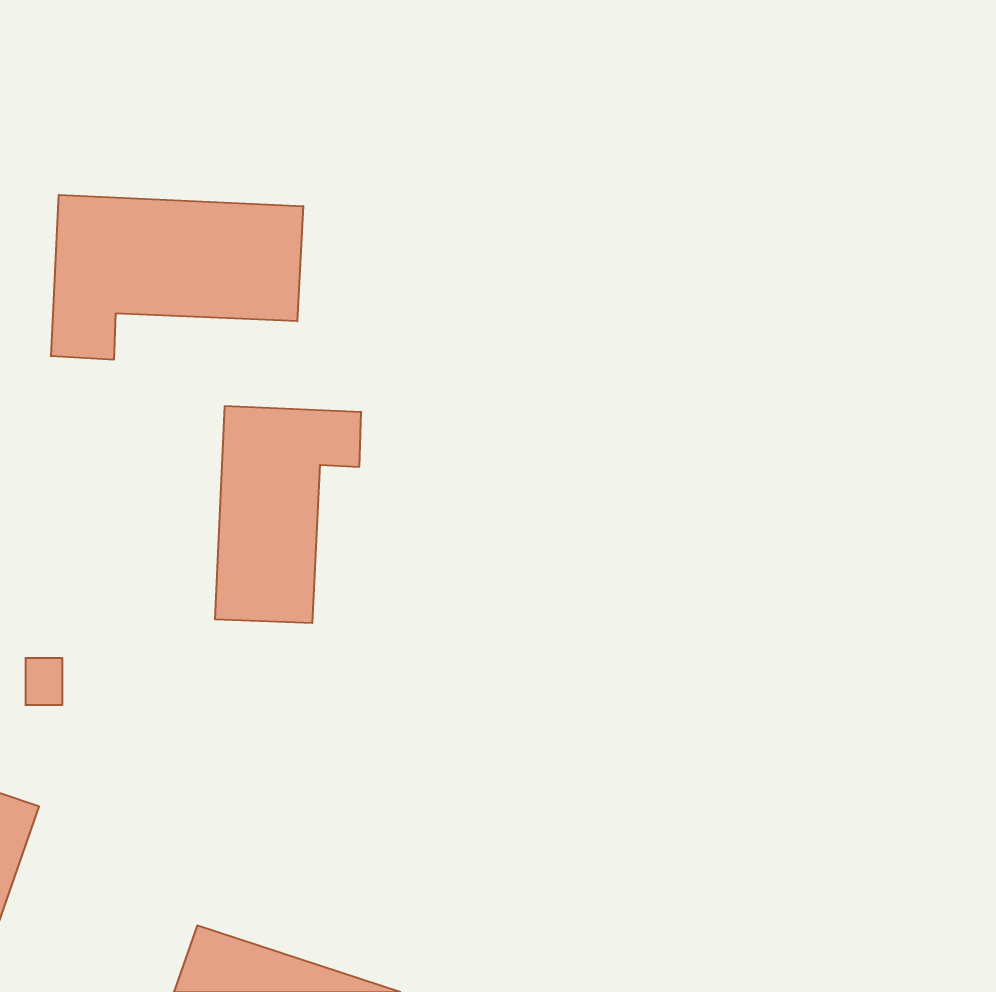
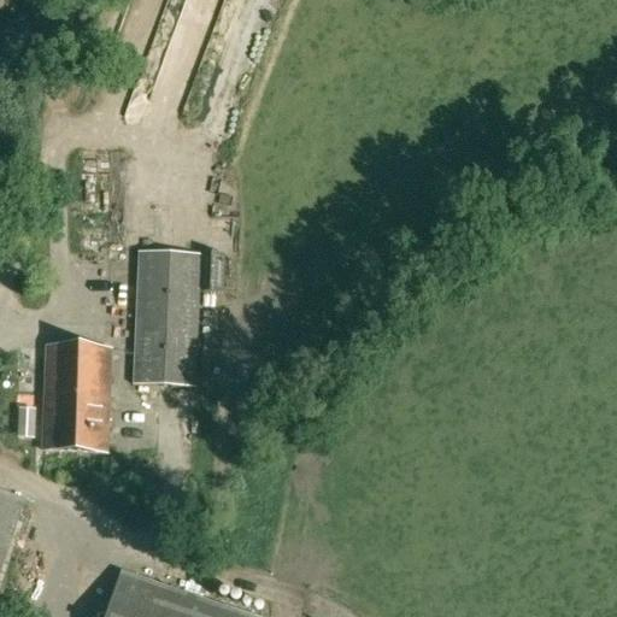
building: [51,195,303,360] -> none
building: none -> [42,347,108,451]

